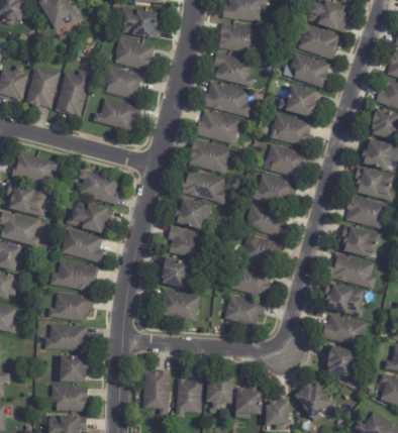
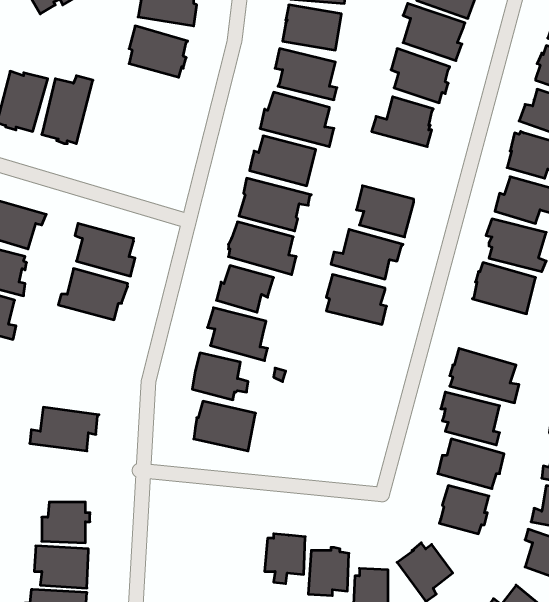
building: [103,65,142,99] -> none
building: [93,97,141,130] -> none
building: [271,113,312,146] -> none
building: [342,224,381,258] -> none
building: [61,227,104,262] -> none
building: [243,233,282,266] -> none
building: [51,260,98,292] -> none
building: [231,263,273,297] -> none
building: [224,294,268,326] -> none
building: [44,323,90,351] -> none
building: [142,370,171,414] -> none
building: [177,374,204,417] -> none

